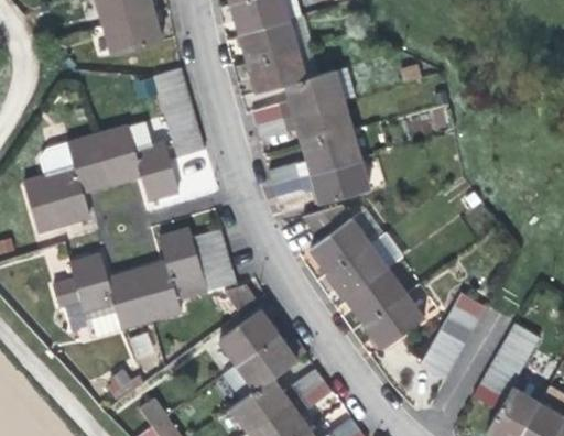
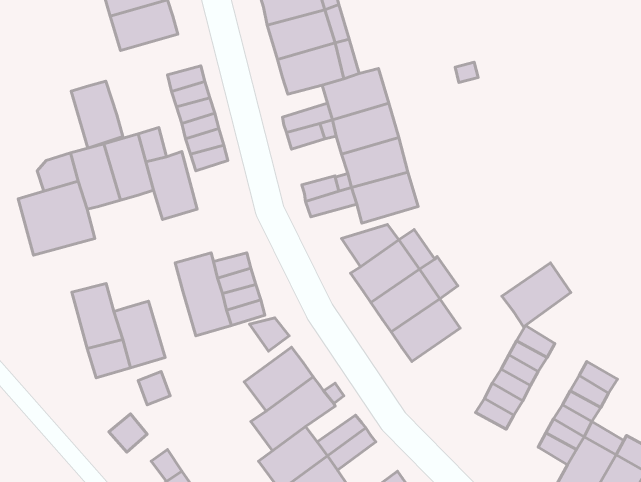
building: none -> [71,81,123,148]
building: [135,262,180,319] -> none
building: [362,294,422,349] -> [502,263,571,327]

